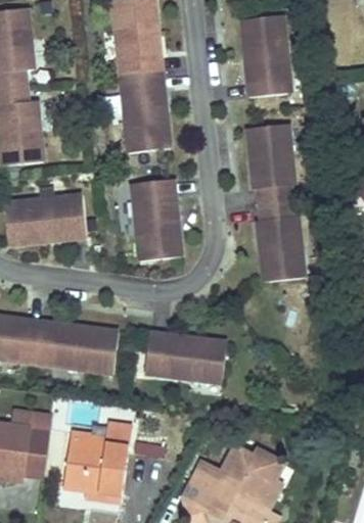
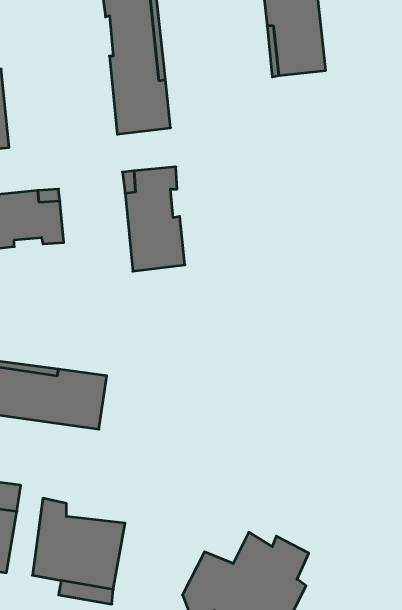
building: [247,123,304,280] -> none
building: [142,338,224,387] -> none
building: [87,421,136,445] -> none

